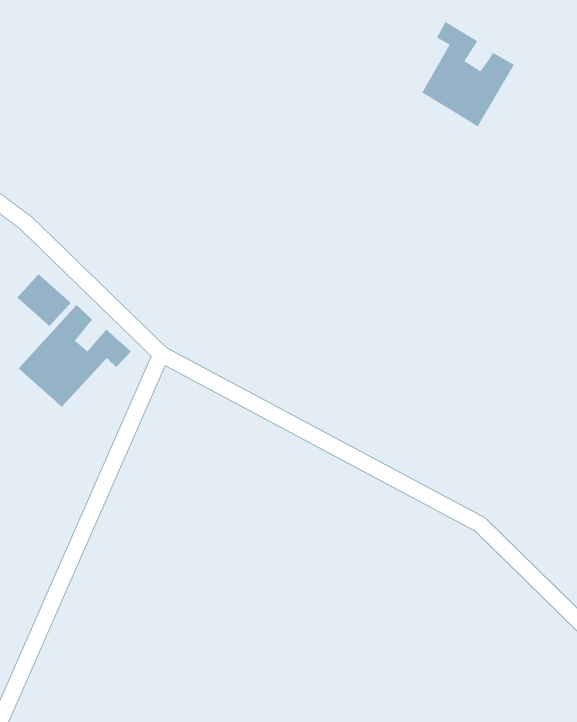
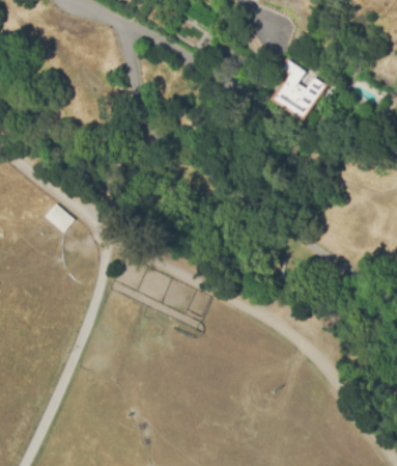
building: [18,304,132,408] -> none

